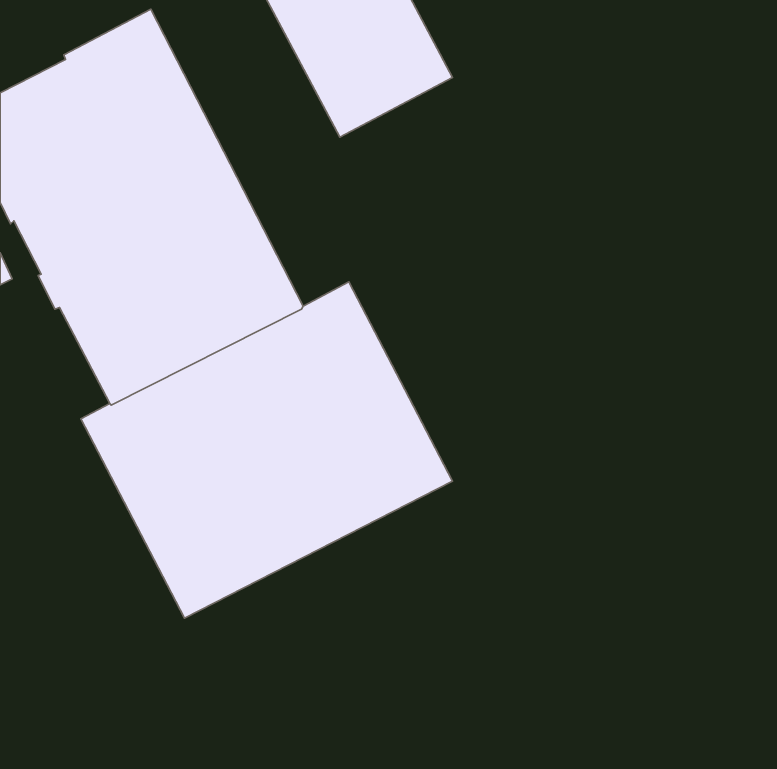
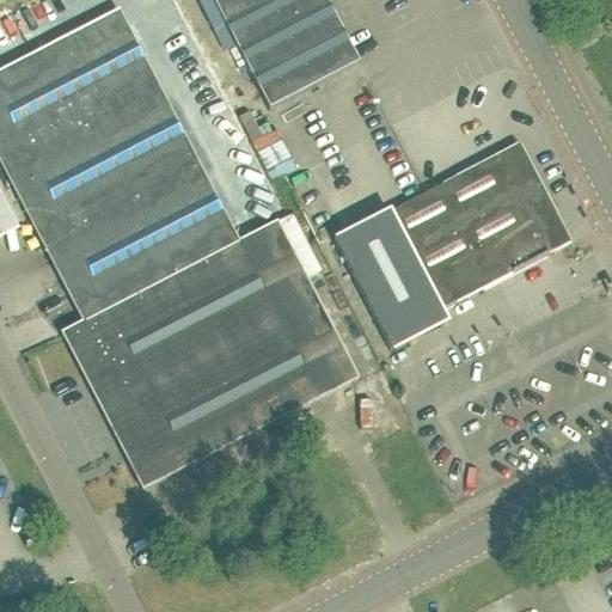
building: none -> [331,141,569,349]

